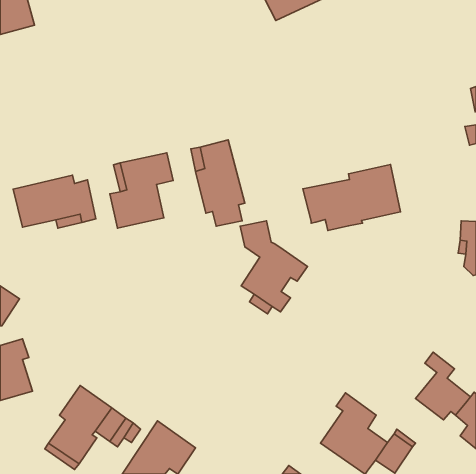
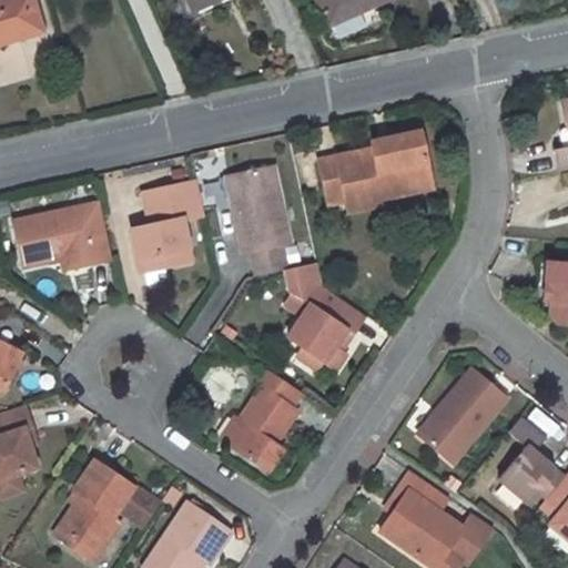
building: [303,165,401,231] -> [318,132,435,211]
building: none -> [417,366,498,460]
building: none -> [227,369,302,467]

